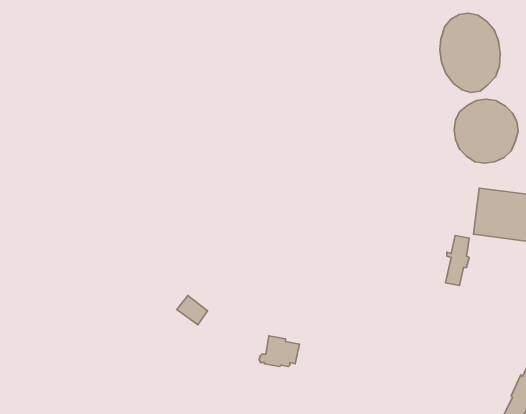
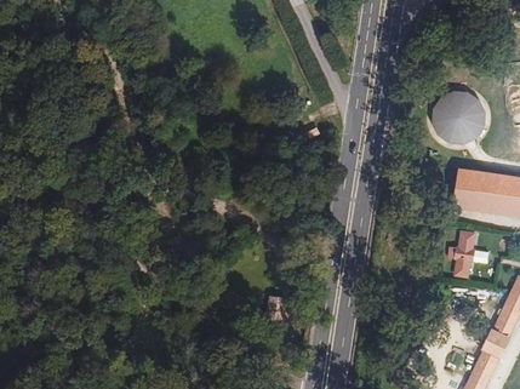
building: [440,13,500,92] -> none
building: [445,235,469,286] -> [453,233,474,276]

